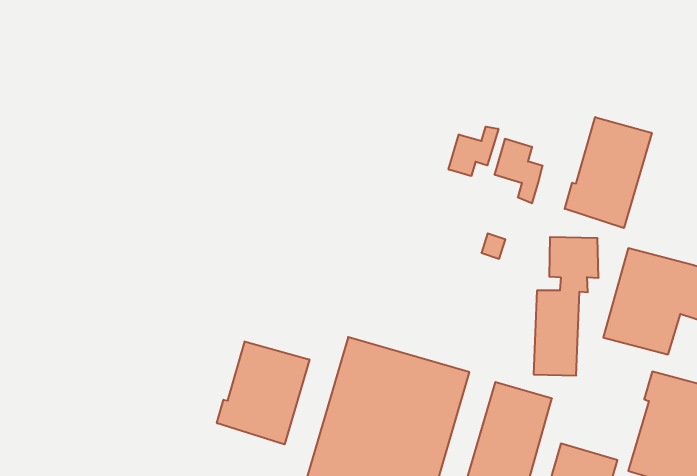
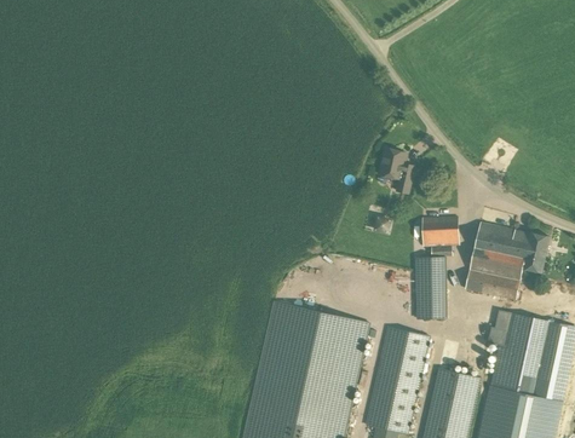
building: [565,117,652,228] -> none
building: [449,127,498,176] -> none
building: [217,341,309,444] -> none

